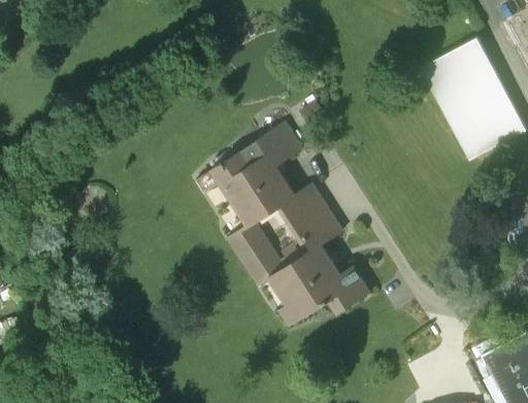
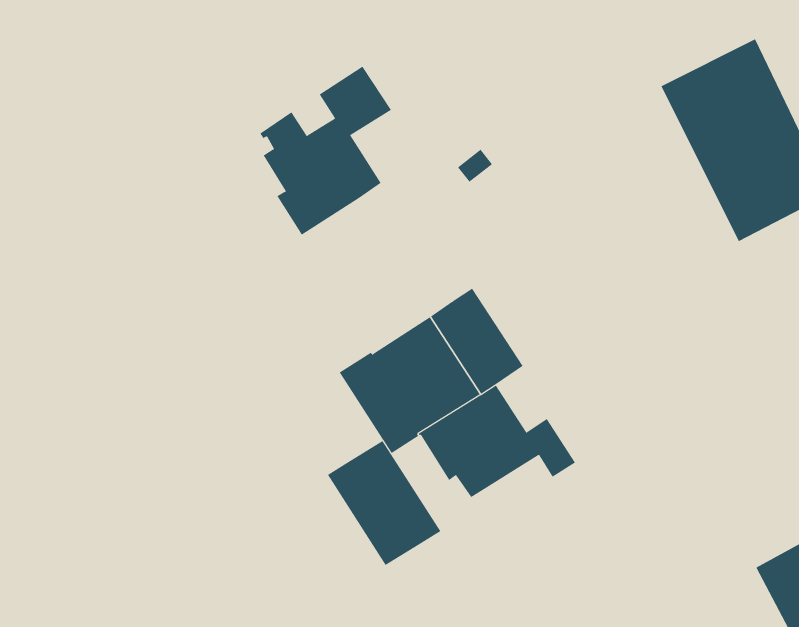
building: [222,124,302,227] -> [260,66,392,235]
building: none -> [327,440,441,566]

